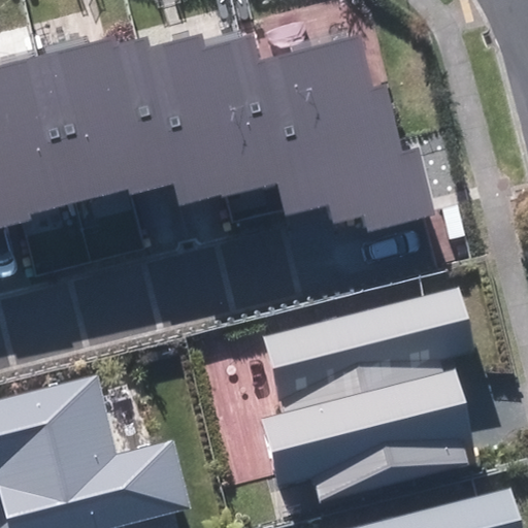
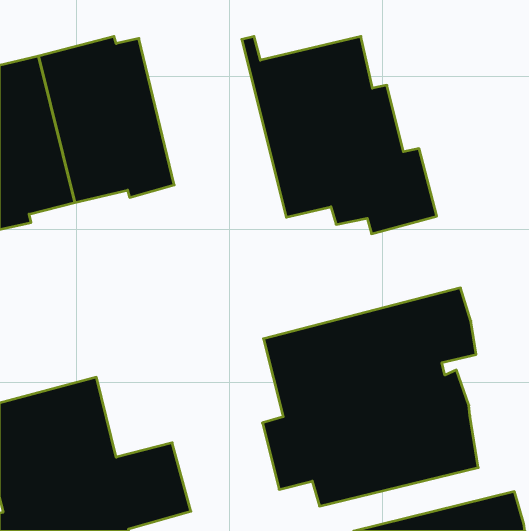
building: [138,33,276,206] -> none

